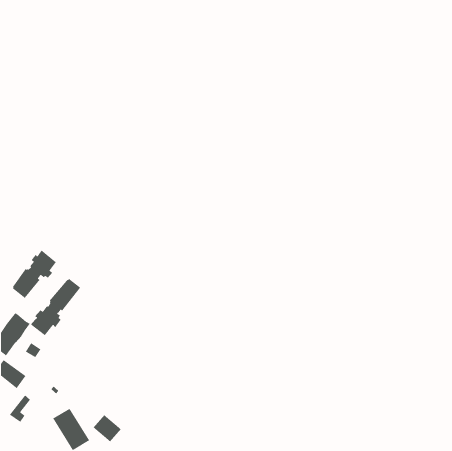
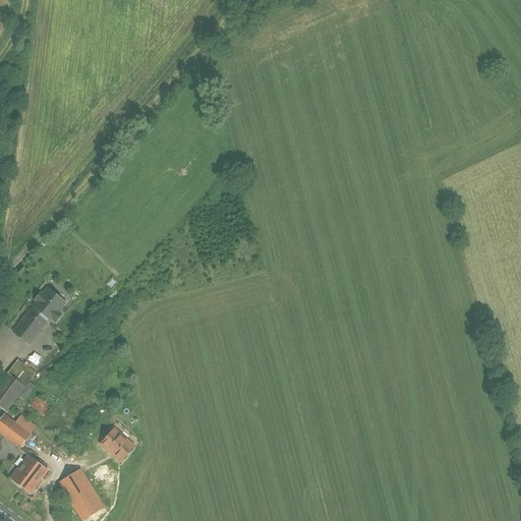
building: [30,278,81,336] -> none
building: none -> [23,460,48,493]
building: [93,414,122,443] -> [101,428,134,461]

